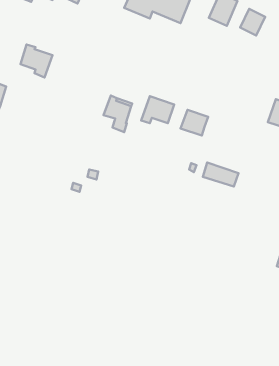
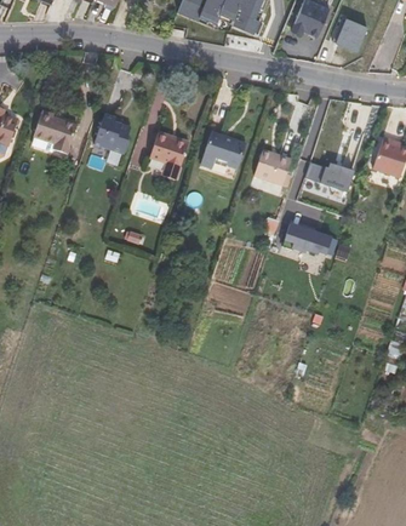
building: [20,45,53,78] -> [34,110,78,155]
building: none -> [93,113,130,154]
building: none -> [304,159,353,191]

